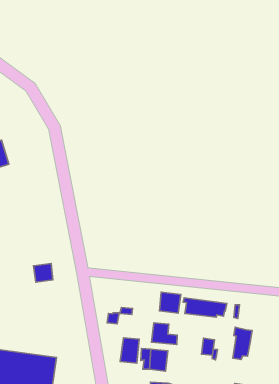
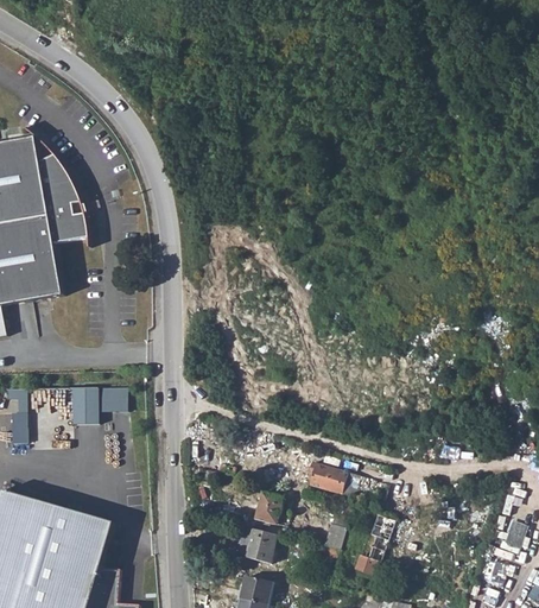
building: none -> [71,387,97,423]
building: [160,292,181,313] -> none
building: [120,338,139,363] -> none

